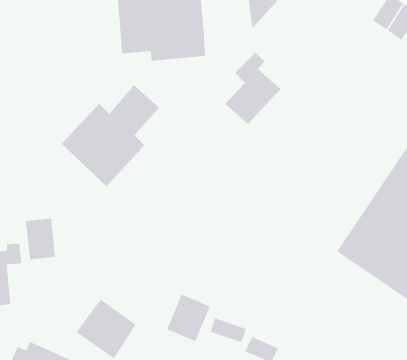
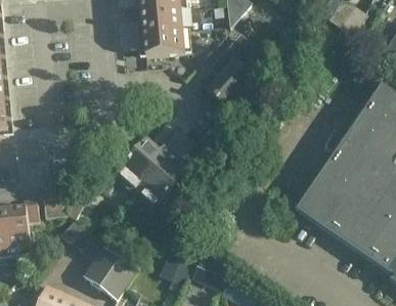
building: [61,84,160,187] -> [115,125,196,210]

